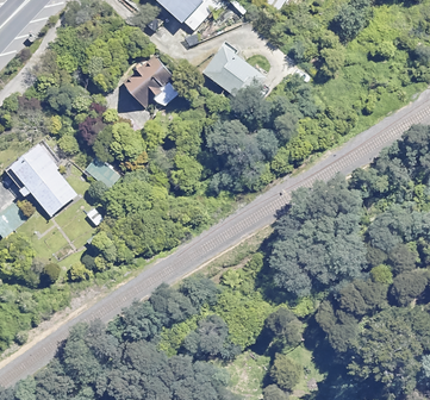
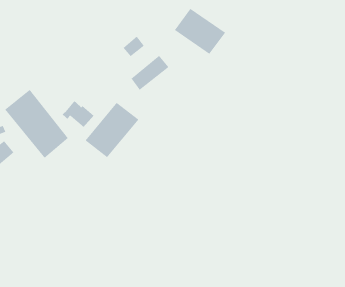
building: [119,56,164,98] -> [130,55,169,91]
building: none -> [84,102,139,158]

